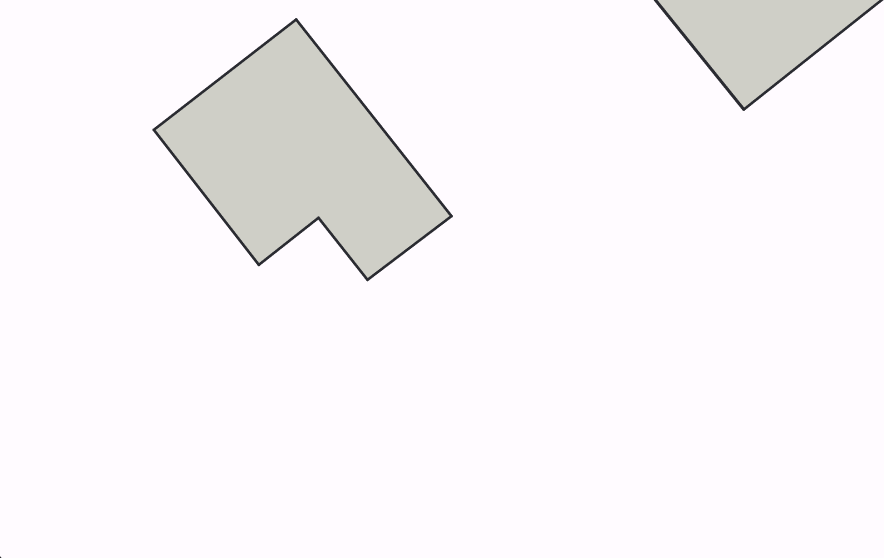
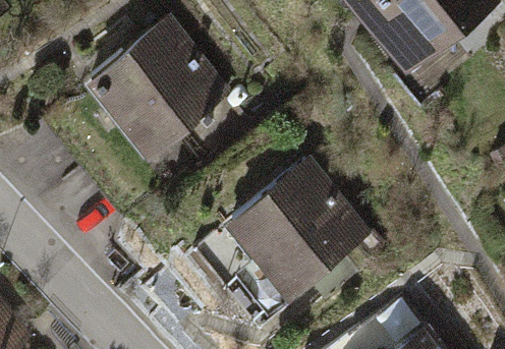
building: none -> [230,160,367,296]

